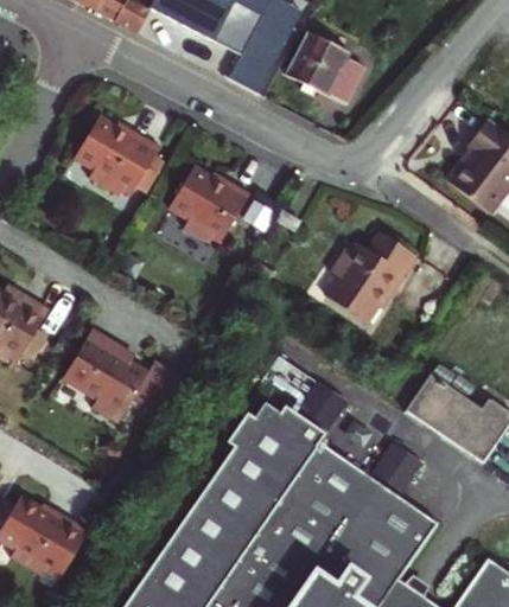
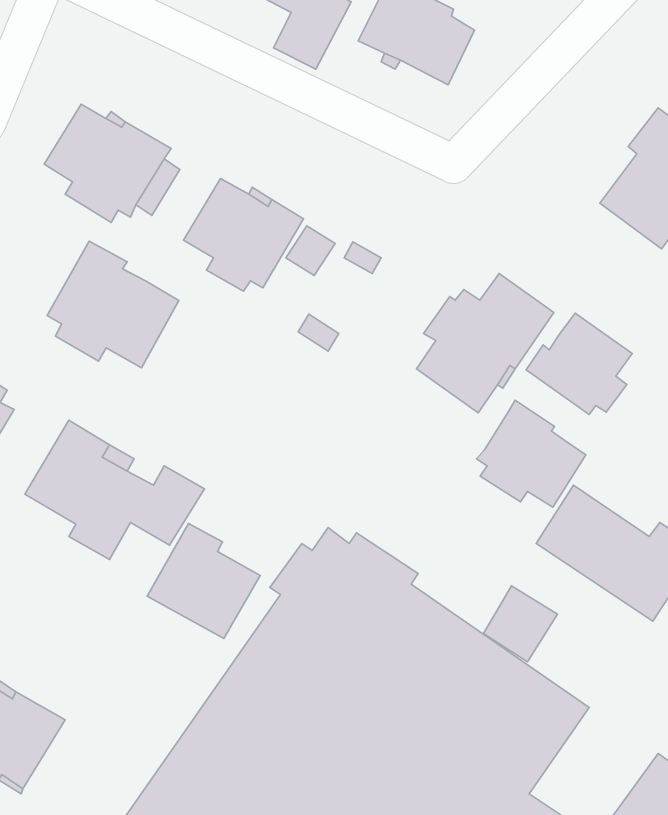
building: none -> [47,241,179,368]
building: none -> [526,313,632,415]
building: none -> [477,400,586,507]
building: none -> [147,523,260,639]

